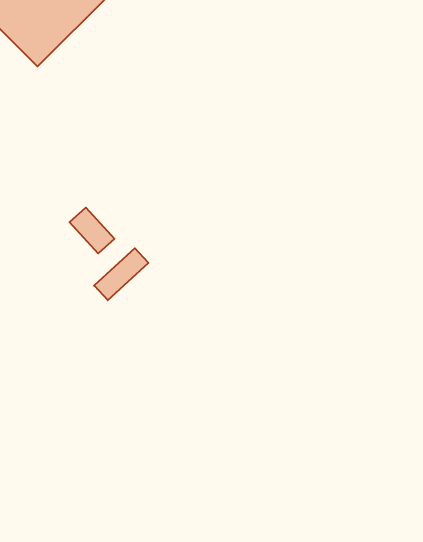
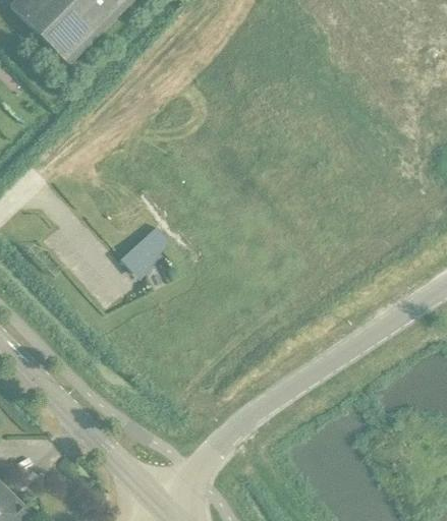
building: [70,208,114,253] -> none

